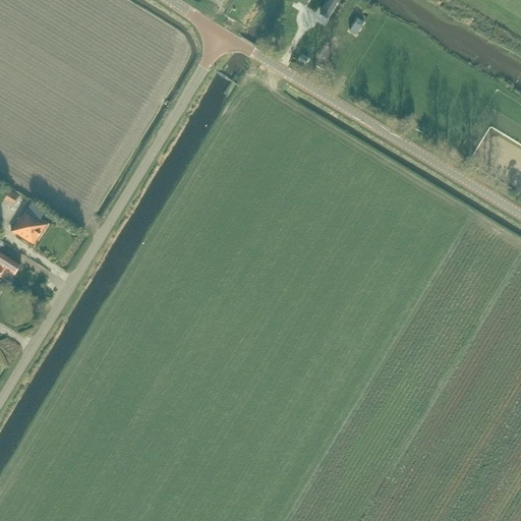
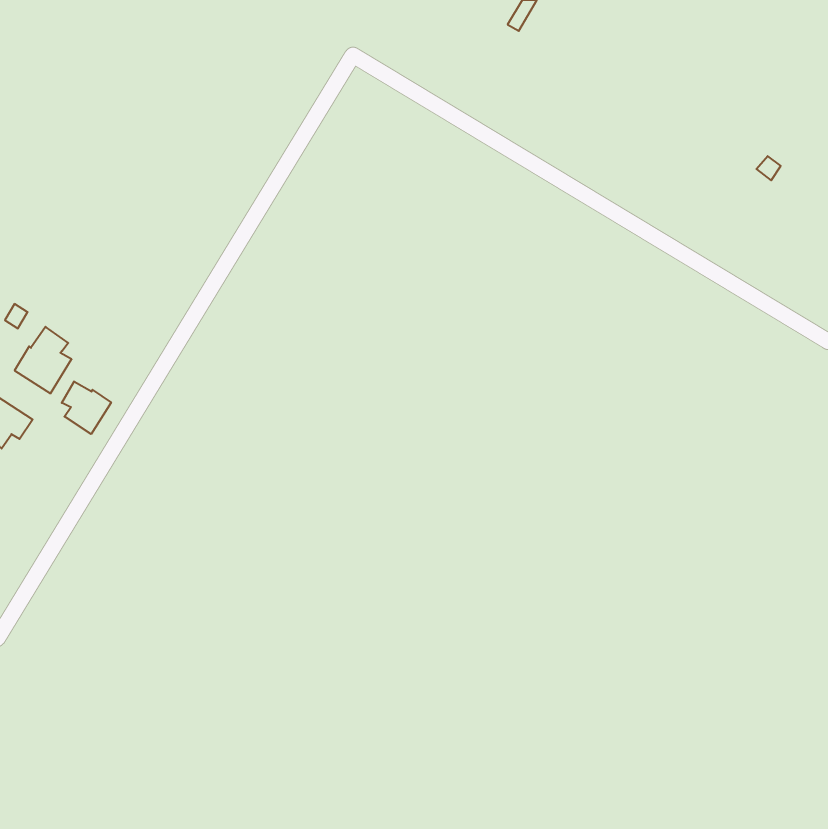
building: none -> [62,381,111,434]

